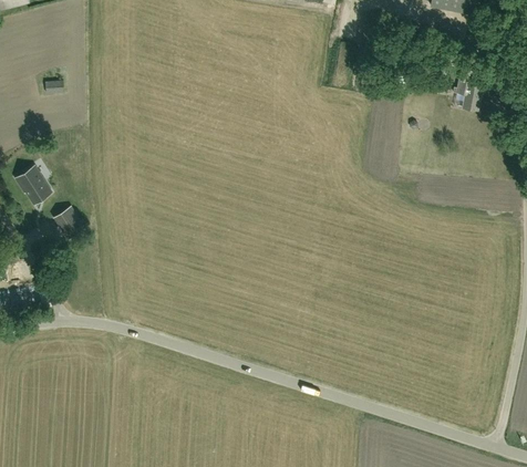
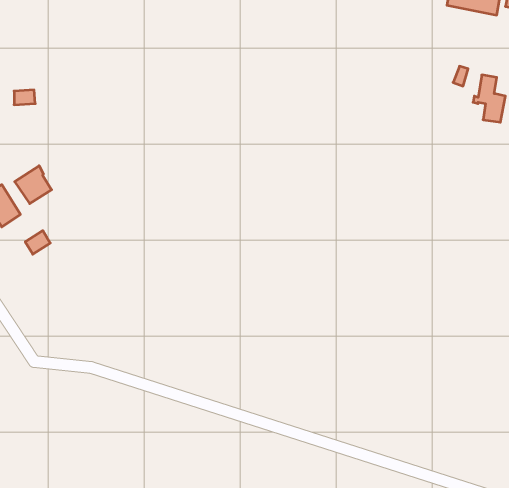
building: none -> [15,166,52,204]

